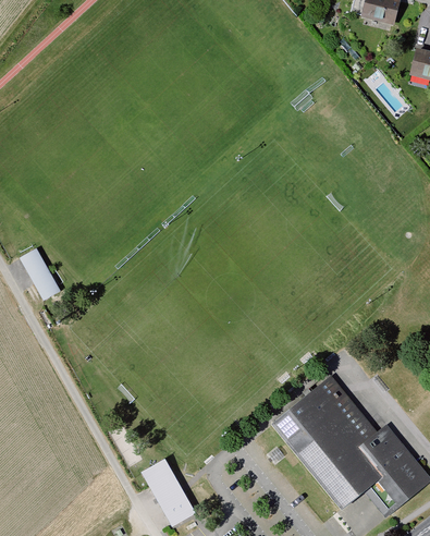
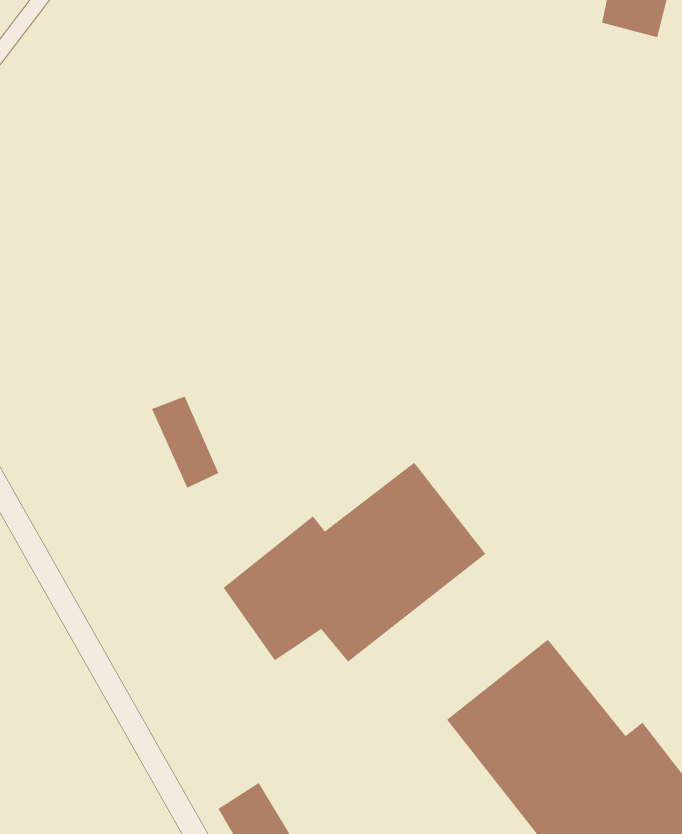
building: [22,246,61,300] -> [151,396,219,488]
building: none -> [223,462,486,663]

